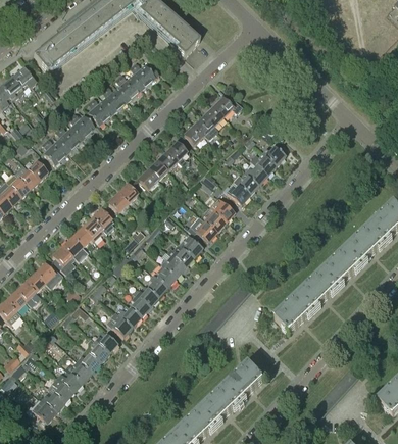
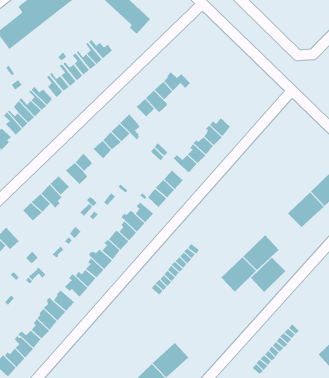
building: [51,245,76,276] -> none
building: [321,248,360,287] -> [250,257,286,293]
building: [225,363,263,402] -> none

